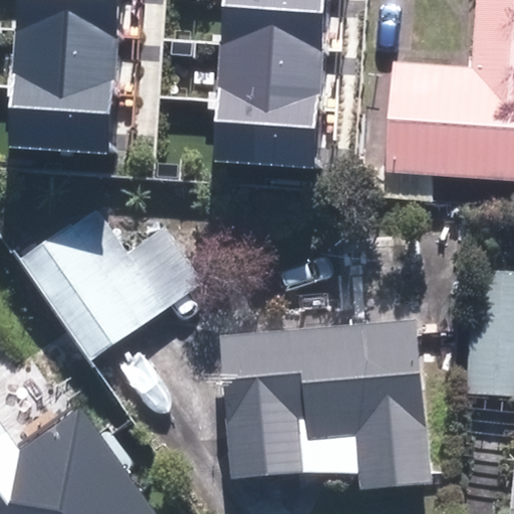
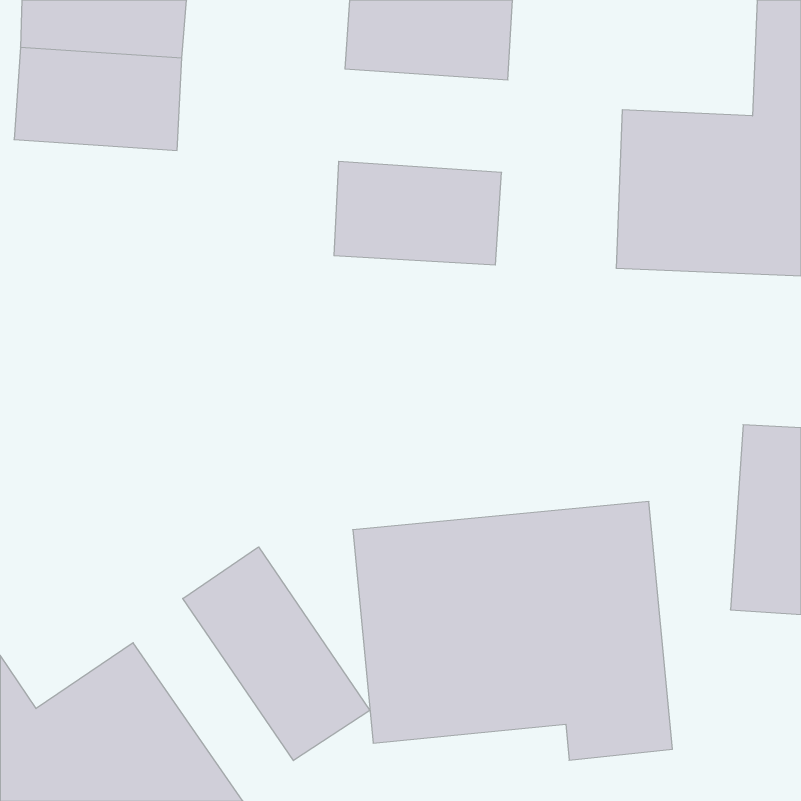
building: [217,44,325,110] -> none
building: [6,89,113,156] -> none
building: [25,215,198,358] -> none
building: none -> [183,547,370,761]

